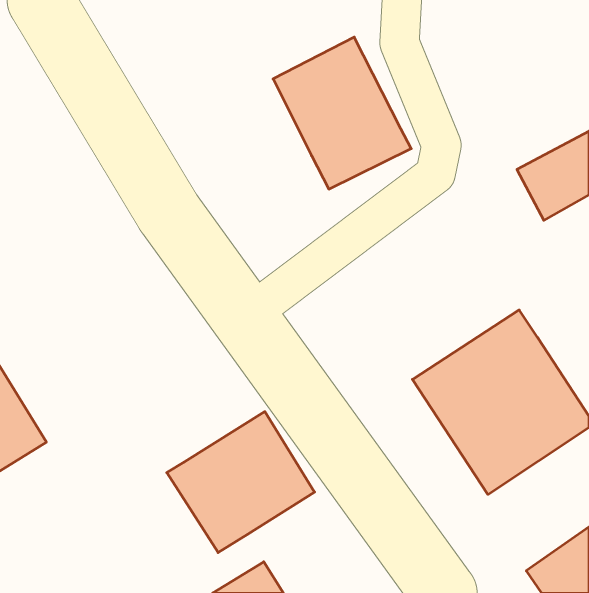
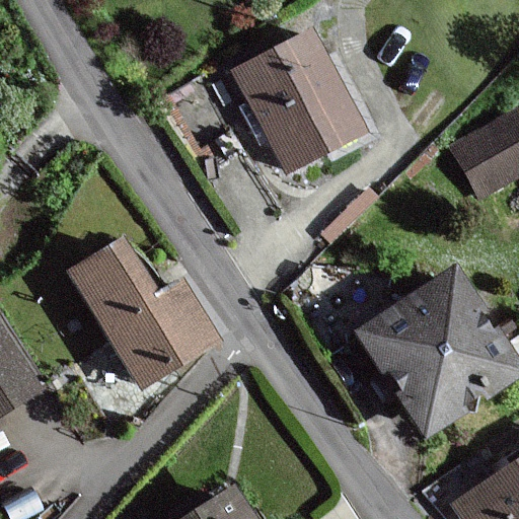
building: none -> [69,239,215,386]
building: [167,412,315,553] -> none

